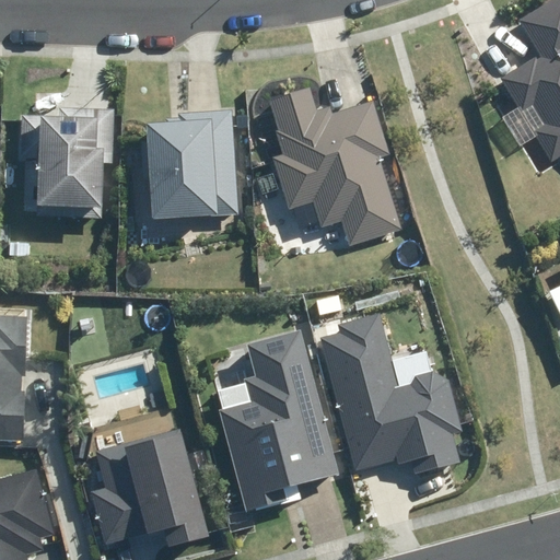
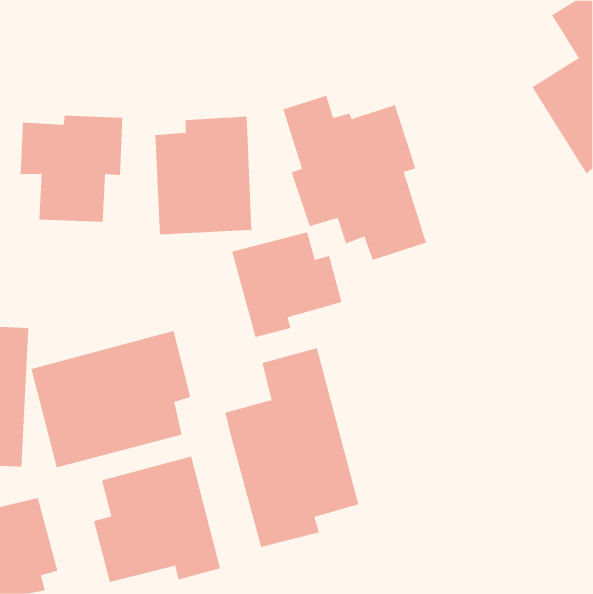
building: none -> [232,231,342,338]
building: none -> [31,330,191,468]
building: [318,314,459,475] -> none

